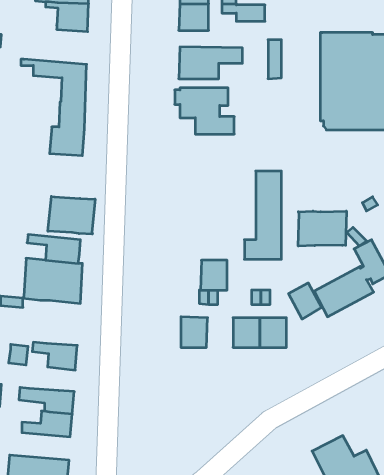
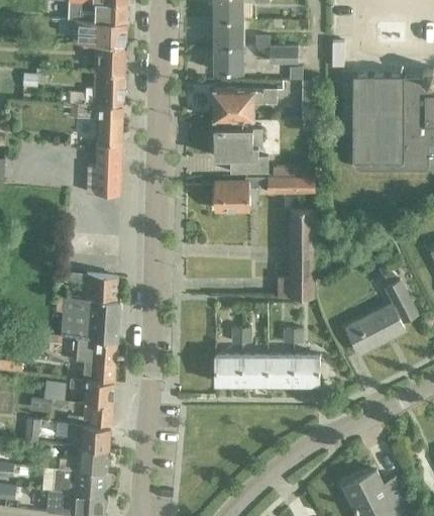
building: none -> [61,71,123,105]
building: none -> [213,177,313,210]
building: [48,196,95,234] -> none
building: [298,211,346,246] -> none
building: [200,260,227,290] -> [240,354,266,384]
building: [289,283,321,319] -> none
building: none -> [75,337,116,382]
building: none -> [66,403,111,427]
building: none -> [41,467,106,495]

